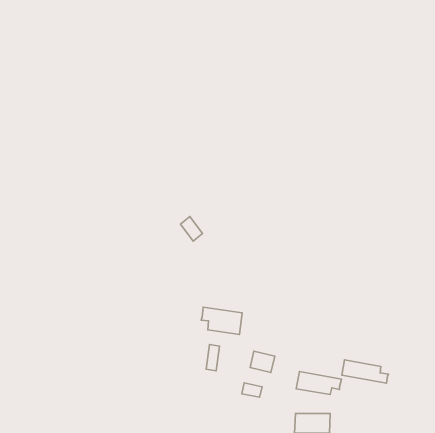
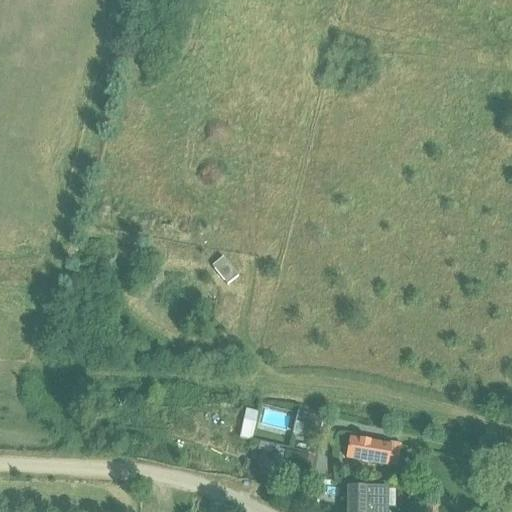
building: [201,307,242,334] -> none
building: [342,360,388,383] -> none

